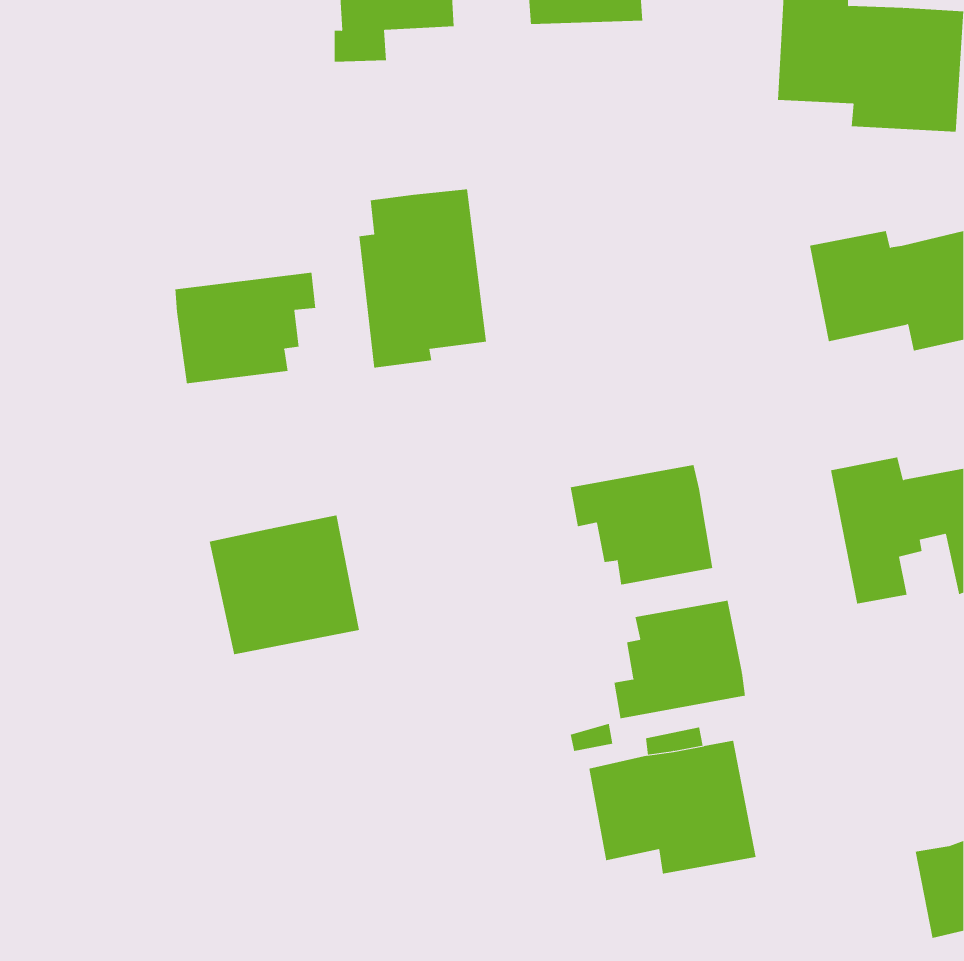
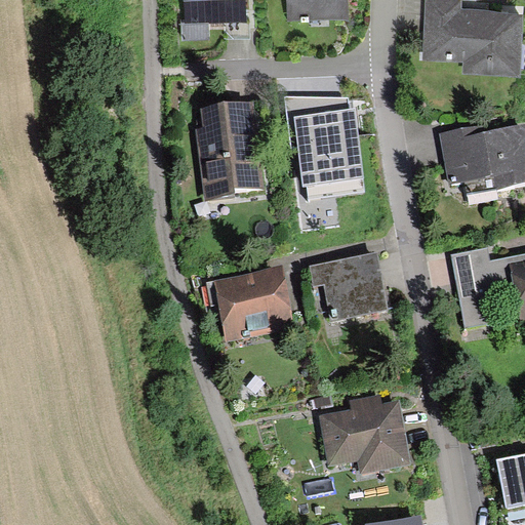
building: none -> [294,102,353,194]
building: [175,272,316,384] -> none
building: [209,515,360,655] -> [213,266,295,341]
building: [614,600,745,719] -> none

